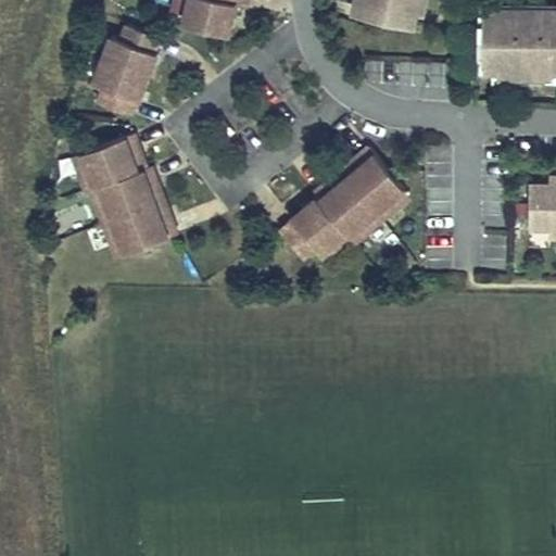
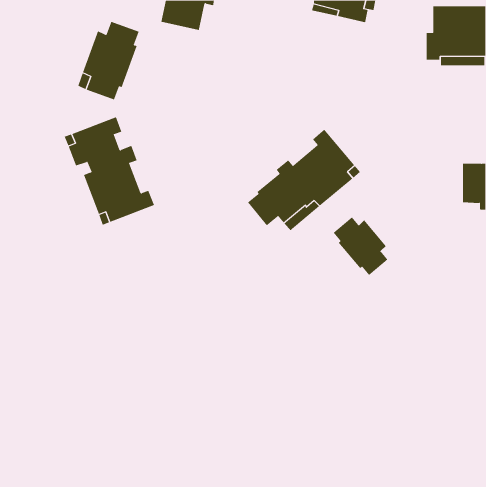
building: none -> [333,216,388,276]

